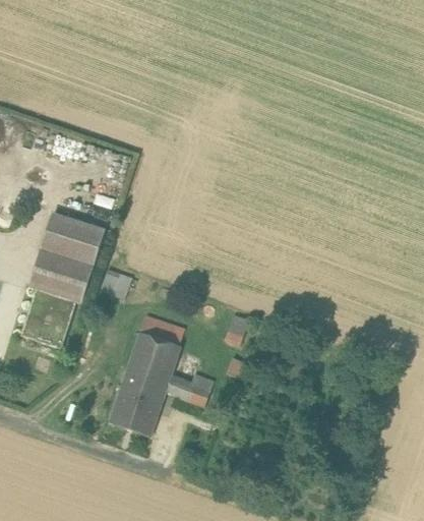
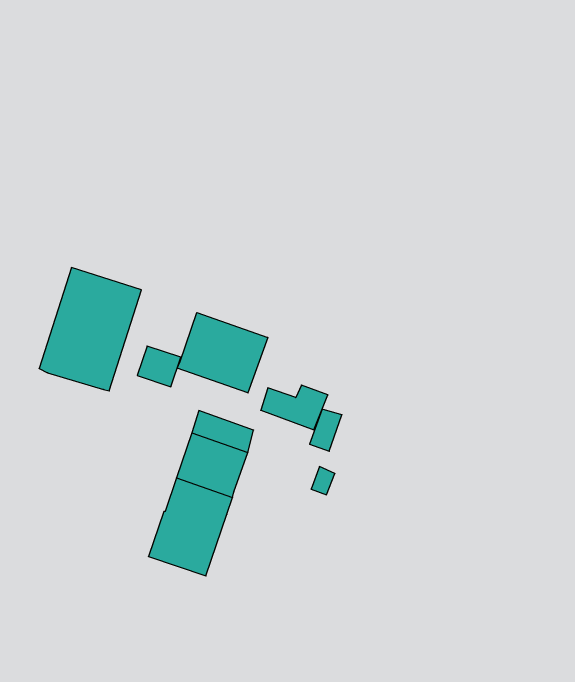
building: none -> [177,313,268,393]
building: [21,288,76,348] -> none
building: [166,372,215,405] -> [261,385,328,430]

